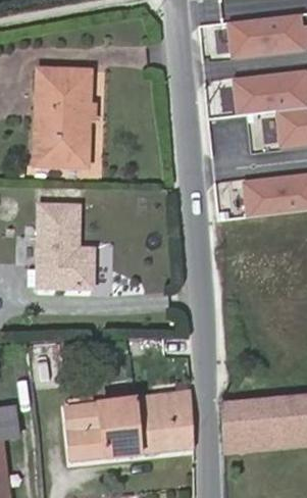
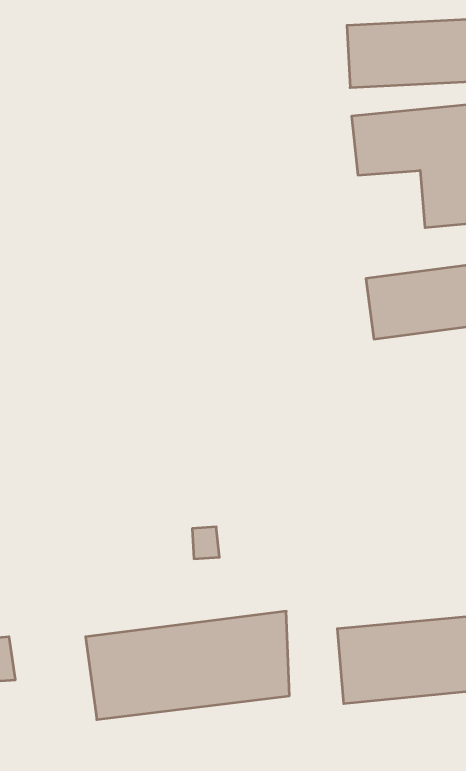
building: [35,69,95,167] -> none
building: [38,206,92,289] -> none

